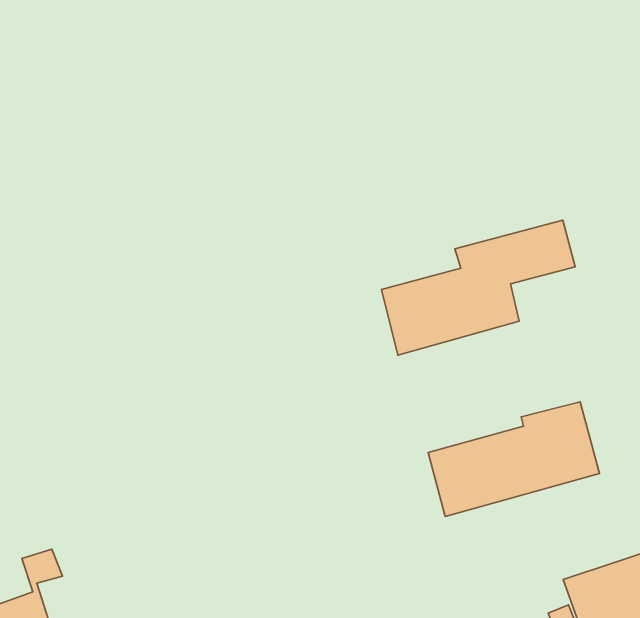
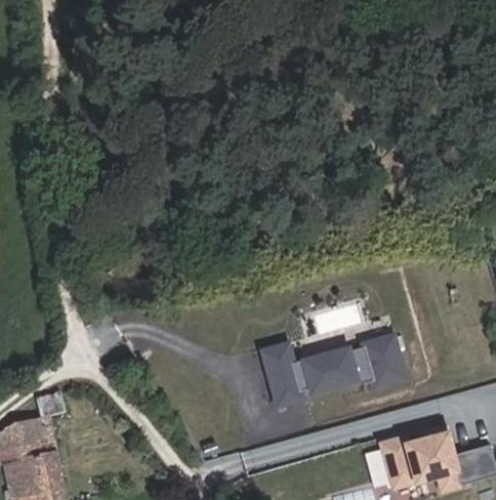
building: [382,220,575,355] -> none
building: none -> [260,341,301,409]

